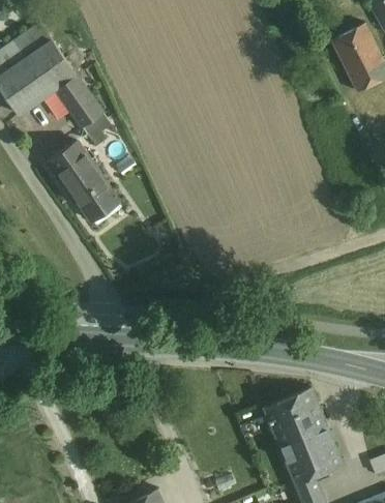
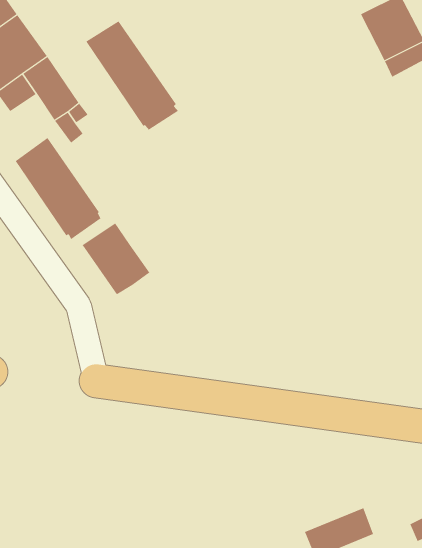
building: none -> [86,20,179,131]
building: none -> [82,222,150,295]
building: [263,388,334,463] -> none

